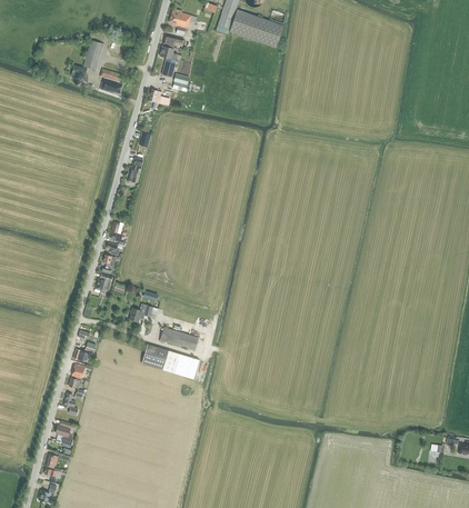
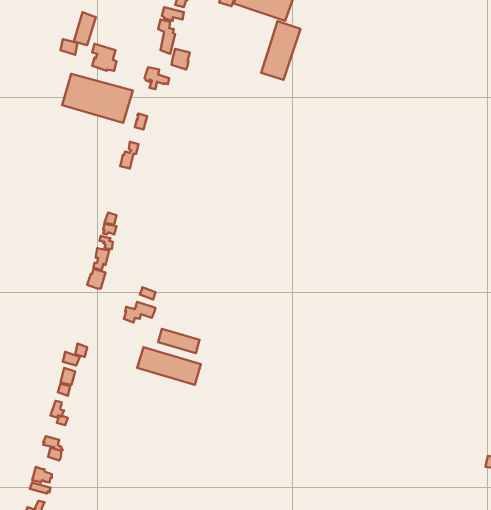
building: none -> [261,21,300,80]
building: none -> [62,74,133,123]

